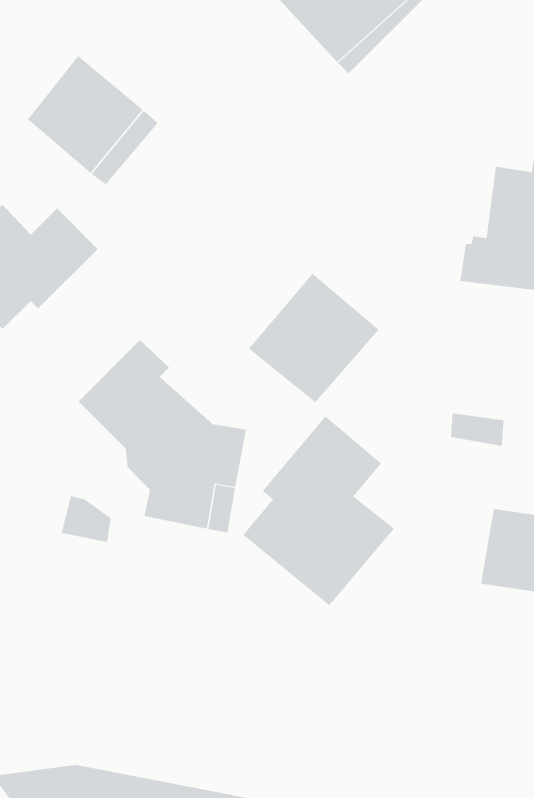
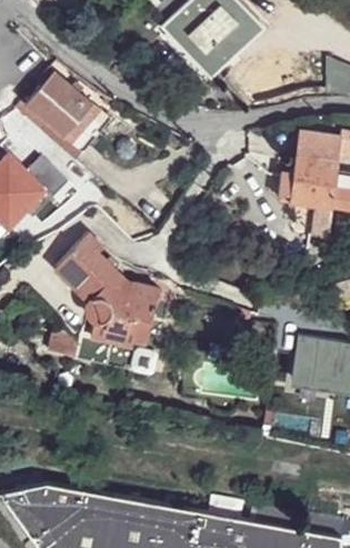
building: [248,273,380,403] -> none
building: [242,416,395,606] -> none

